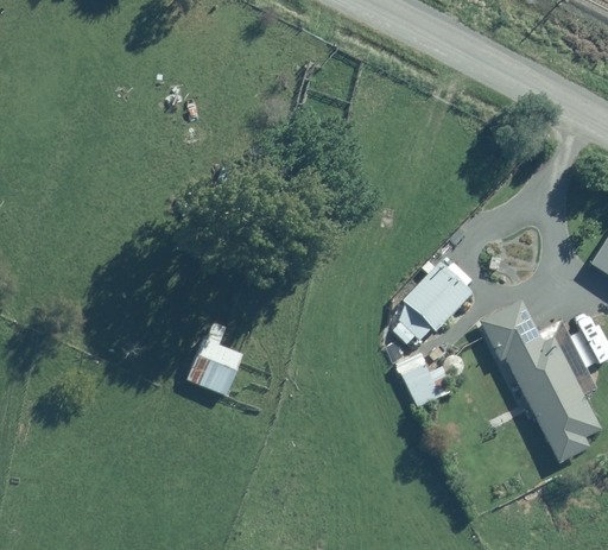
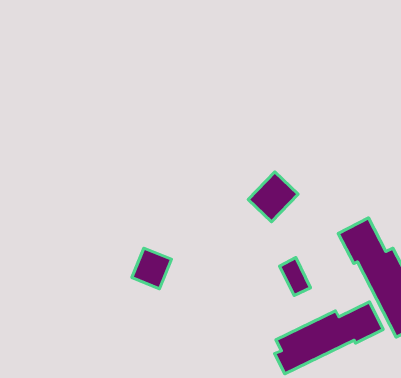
building: [404,263,473,331] -> [248,172,298,222]
building: none -> [275,302,383,374]

